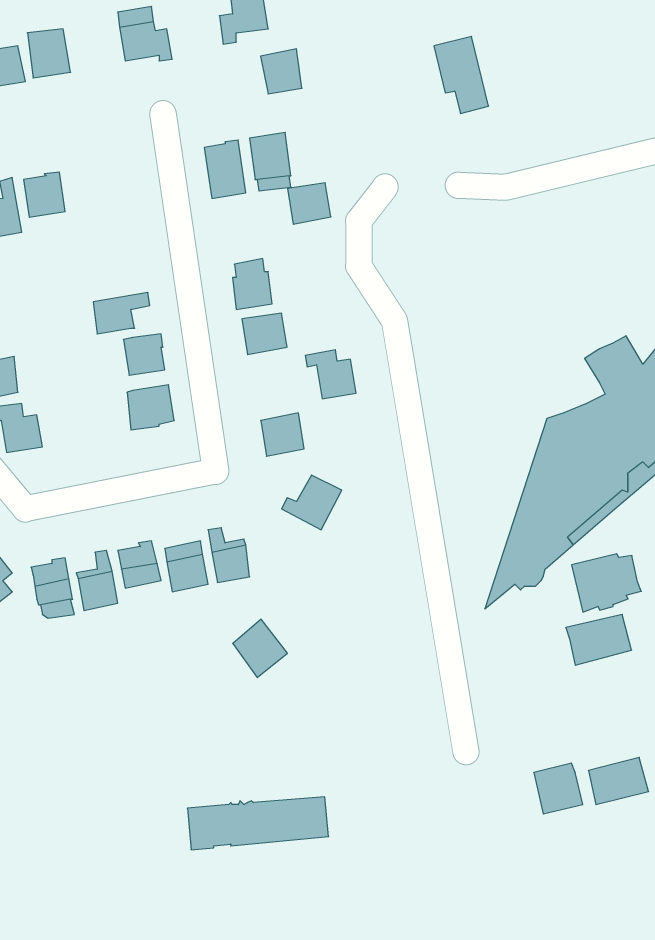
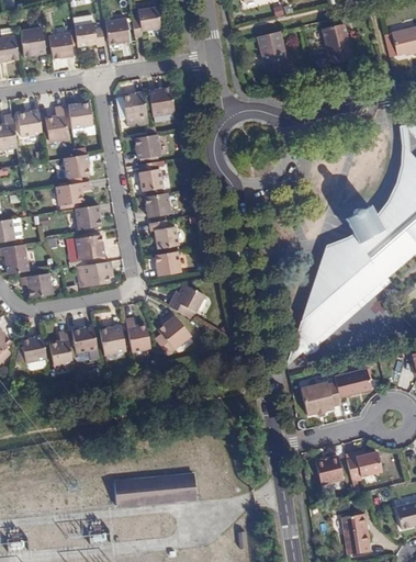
building: none -> [322,21,358,64]
building: none -> [48,32,72,57]
building: [261,49,302,94] -> [104,16,128,43]
building: none -> [68,102,92,127]
building: none -> [46,104,67,140]
building: [288,183,331,224] -> [135,134,160,158]
building: none -> [64,154,89,178]
building: [305,350,356,399] -> [149,220,179,248]
building: none -> [78,260,110,286]
building: none -> [27,273,58,297]
building: [572,554,641,612] -> [301,381,341,415]
building: [233,619,287,678] -> [158,315,190,349]
building: none -> [342,510,369,551]

